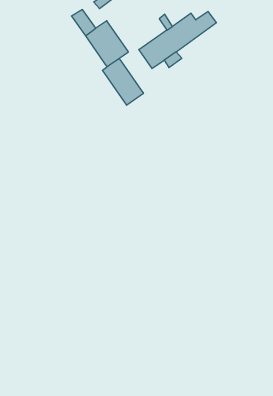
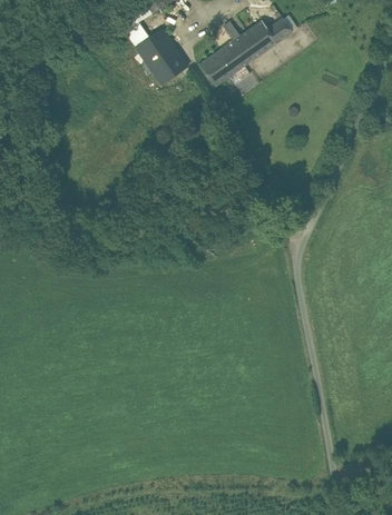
building: [102,59,143,105] -> none

